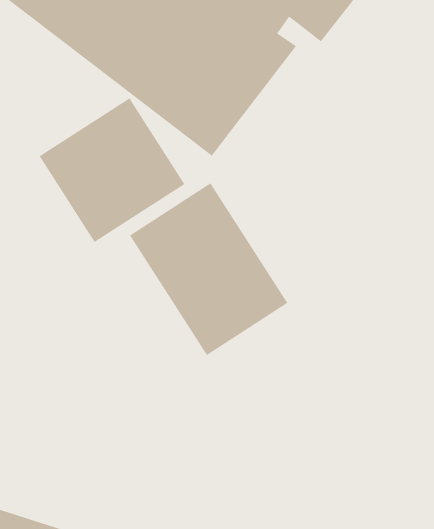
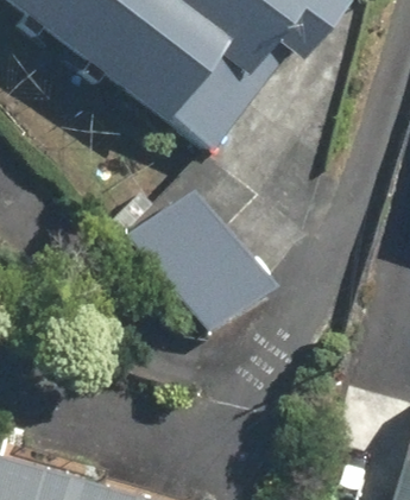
building: [39,98,185,243] -> none

